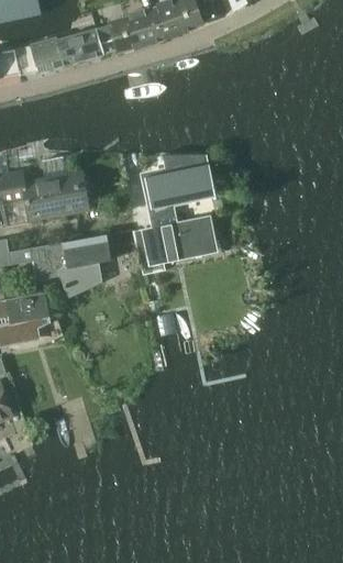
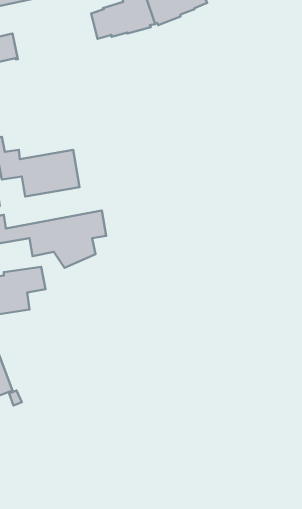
building: [15,26,103,76] -> none
building: [137,156,208,265] -> none

